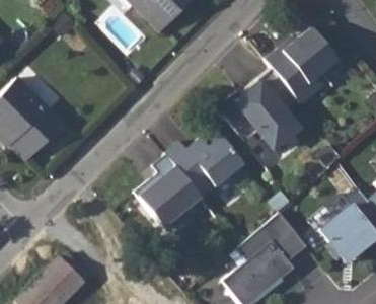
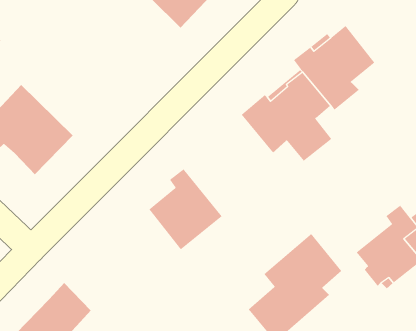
building: [164,128,243,199] -> none

